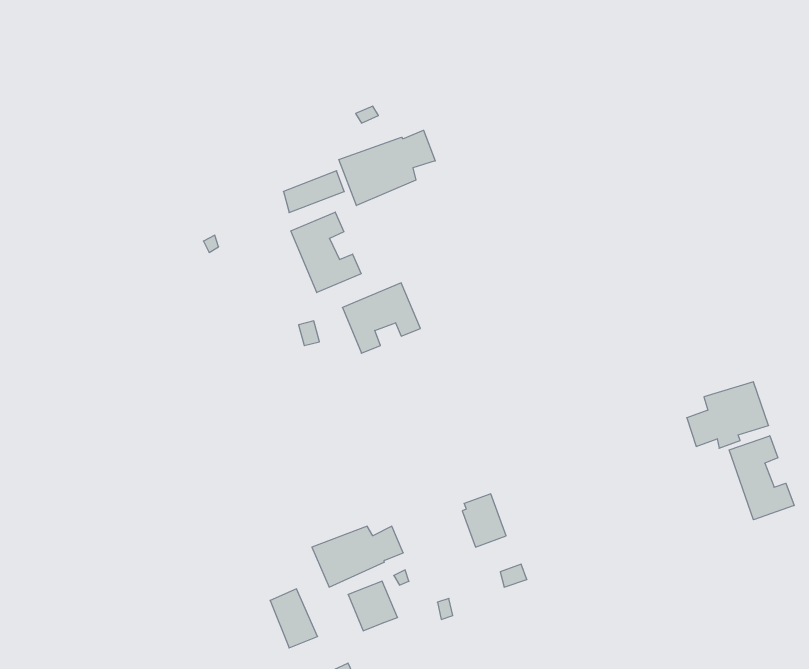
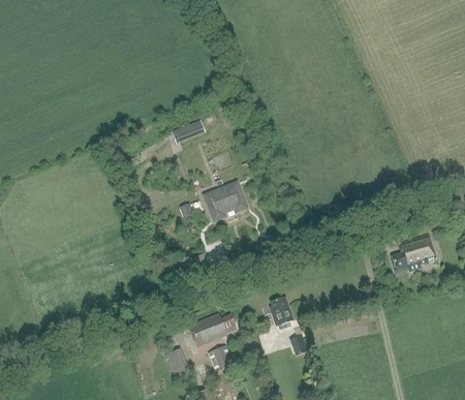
building: [339,130,435,206] -> none
building: [291,212,361,293] -> none
building: [729,436,794,520] -> none

